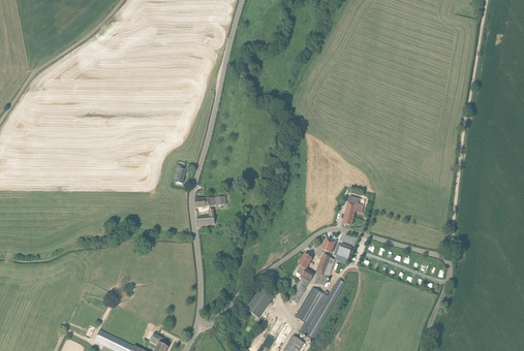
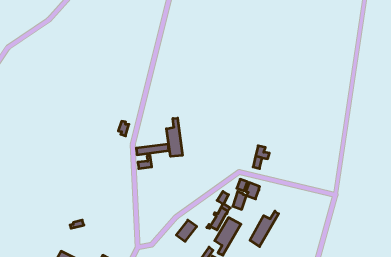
building: none -> [166,118,182,156]
building: none -> [250,211,279,247]

